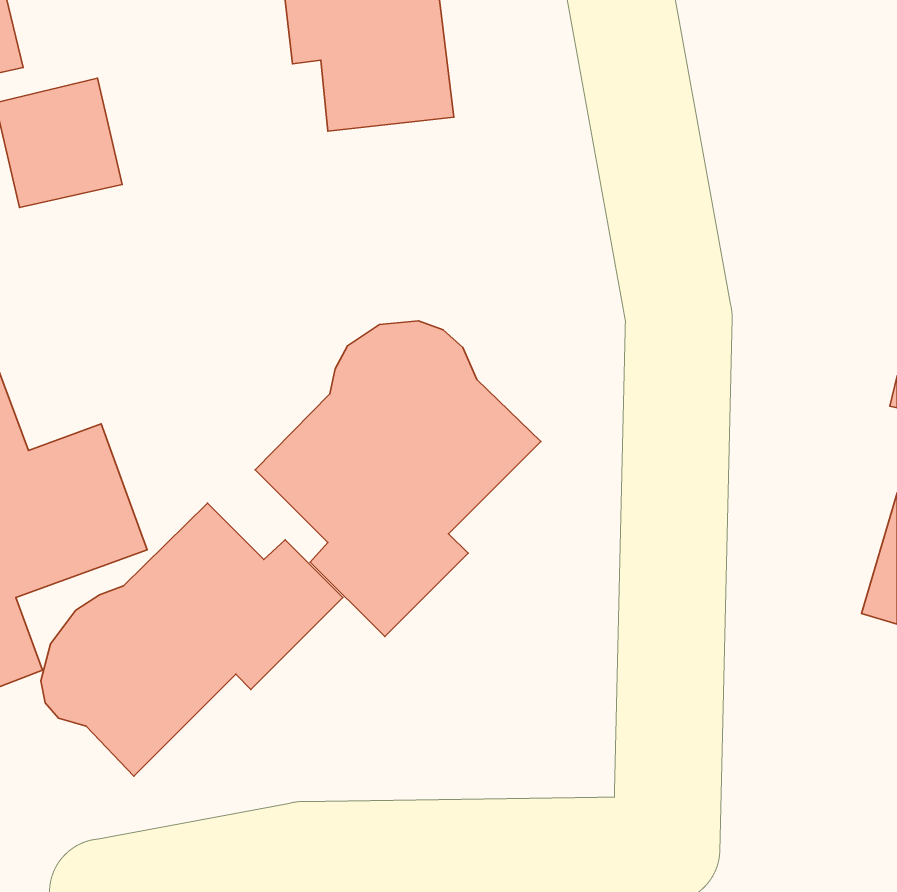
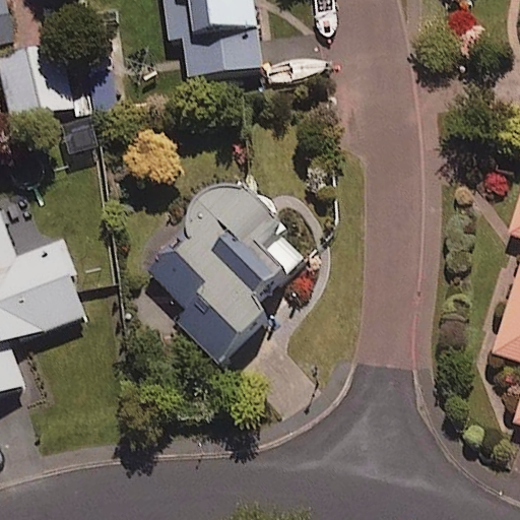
building: [41,503,343,776] -> none

